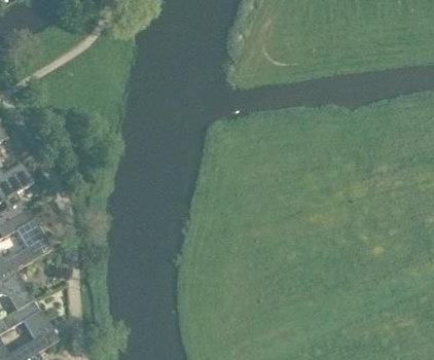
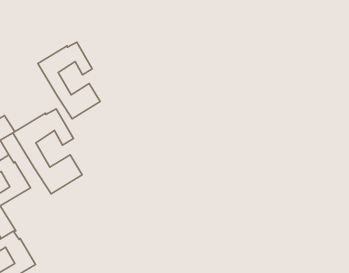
building: none -> [38,42,100,119]
building: none -> [13,109,82,194]

